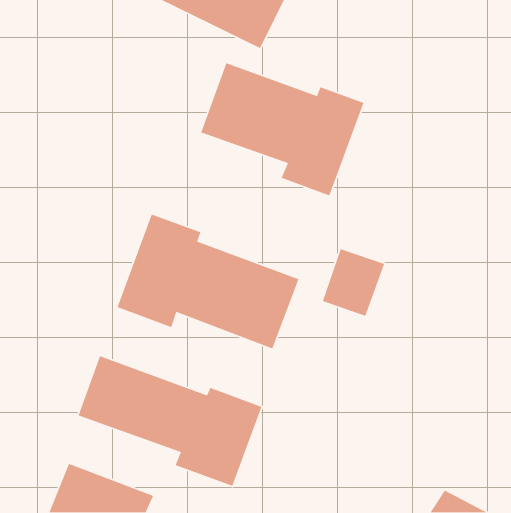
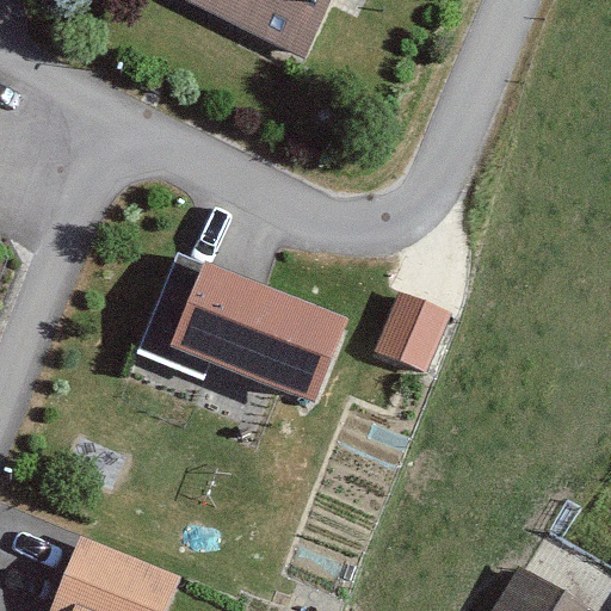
building: [200,62,365,196] -> none
building: [77,355,263,487] -> none

